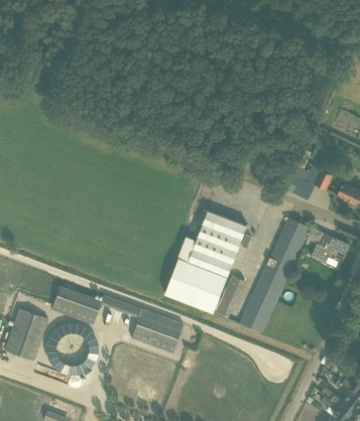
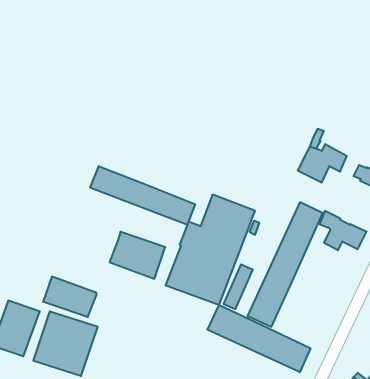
building: none -> [90,166,195,225]
building: [130,310,182,354] -> [110,232,165,279]
building: none -> [207,305,311,372]

